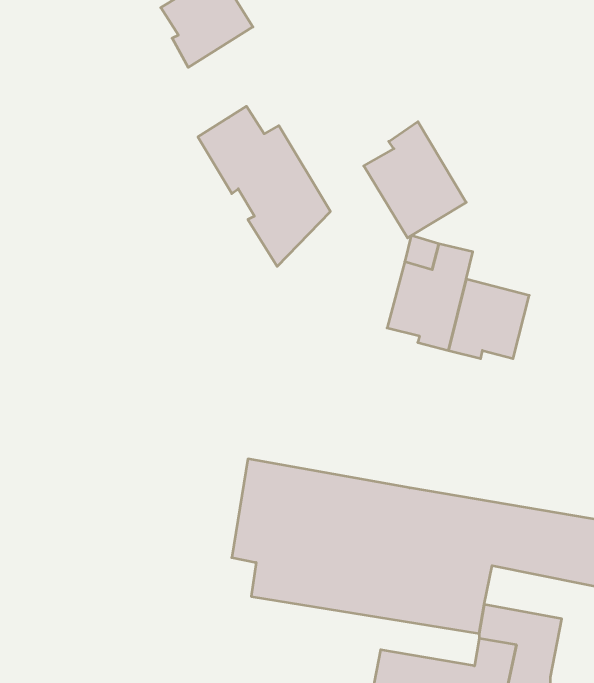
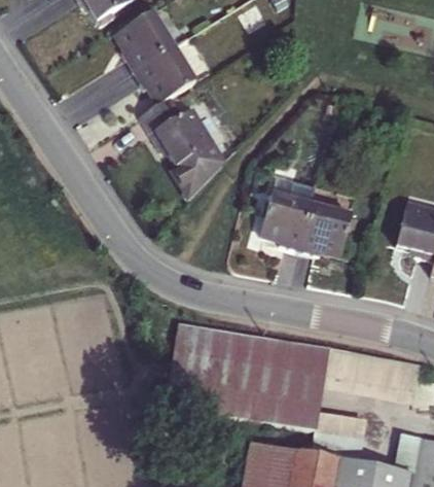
building: none -> [133,45,195,103]
building: [364,122,466,238] -> none

